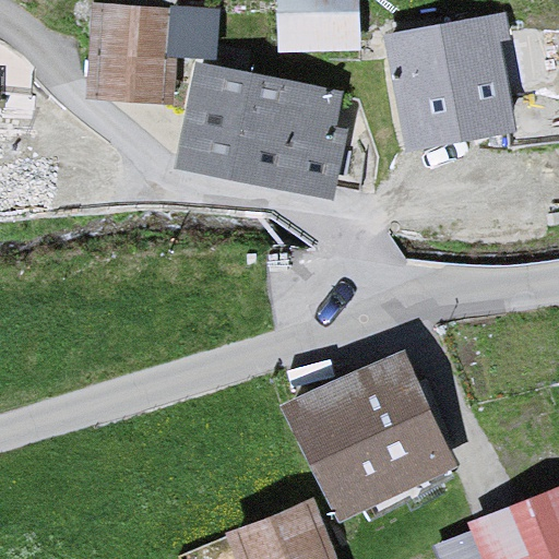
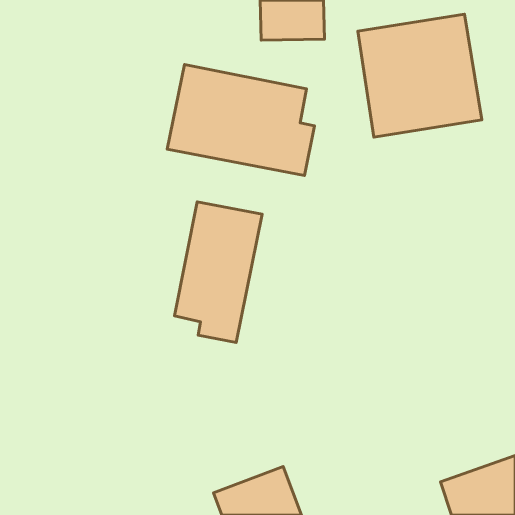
building: [92,11,209,98] -> none
building: none -> [175,202,262,342]
building: [292,360,445,512] -> none

